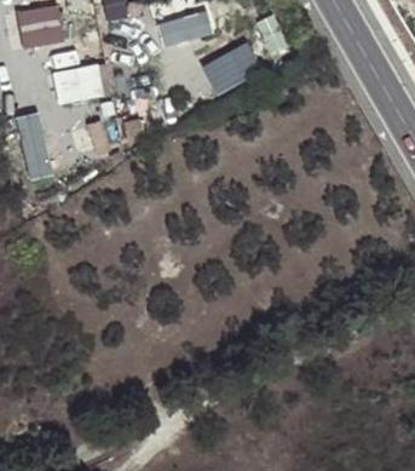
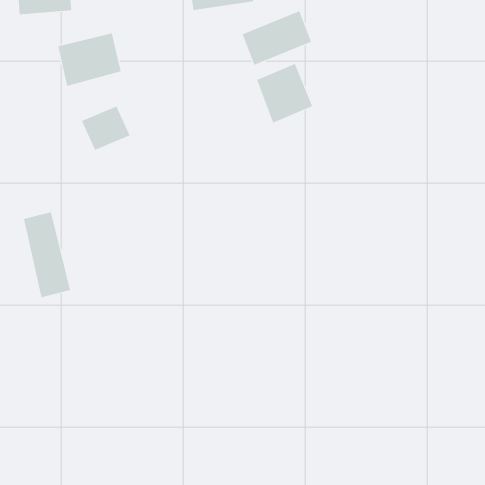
building: none -> [256,63,313,124]
building: [16,110,54,180] -> [23,211,71,298]

